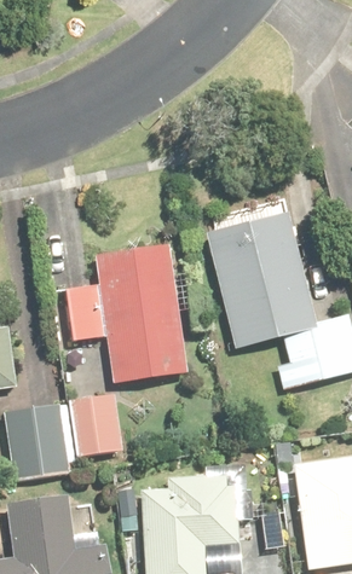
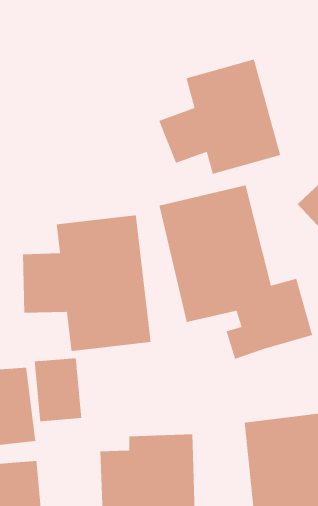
building: none -> [158,59,281,175]

